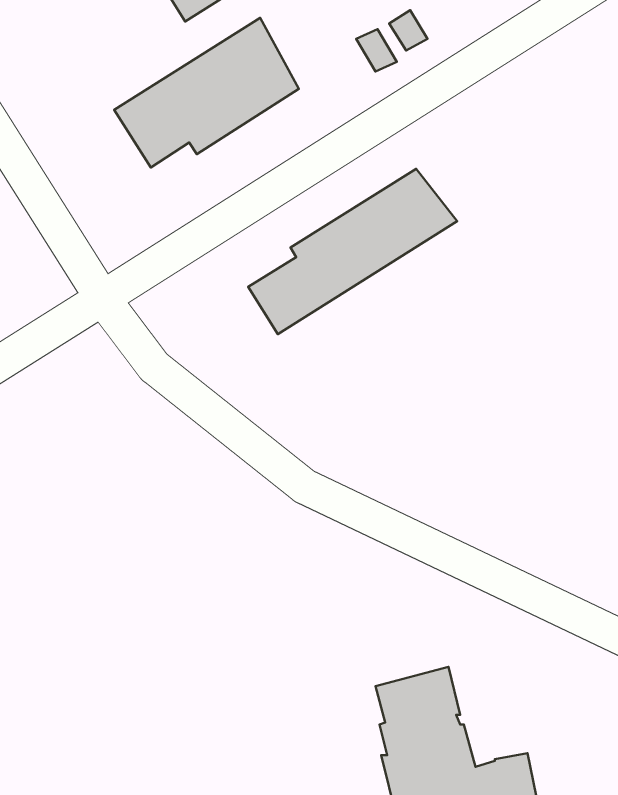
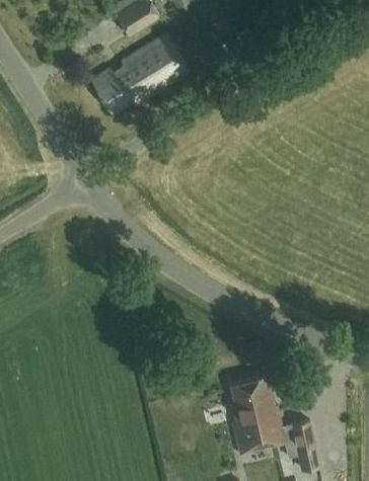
building: [248,169,457,334] -> none

